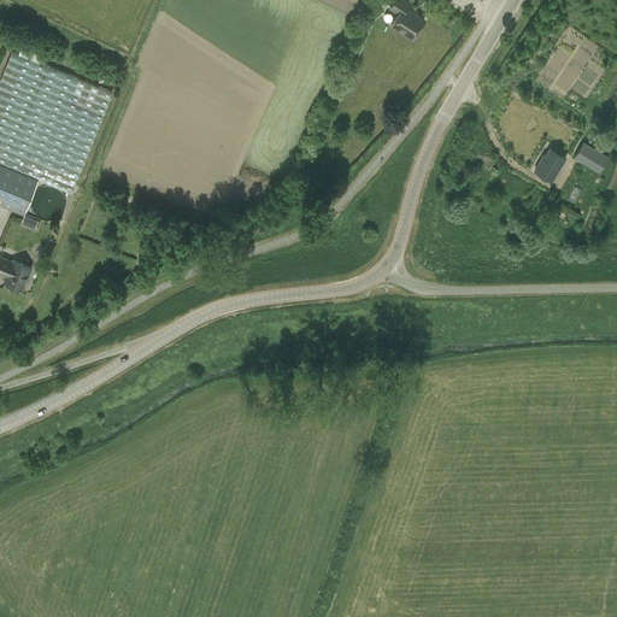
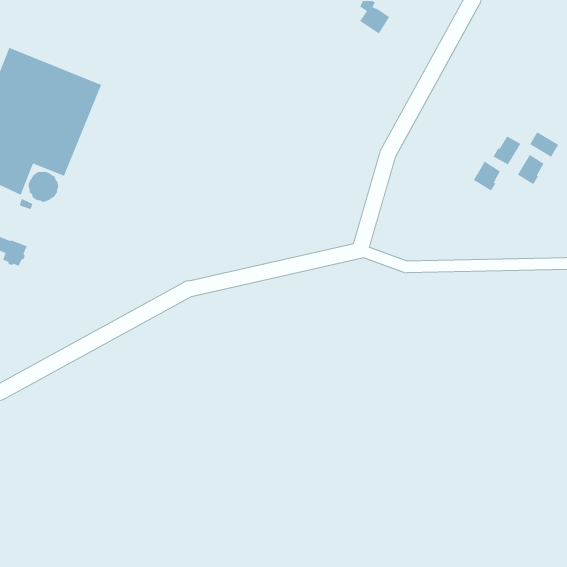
building: none -> [517,154,544,185]
building: none -> [473,161,501,191]

